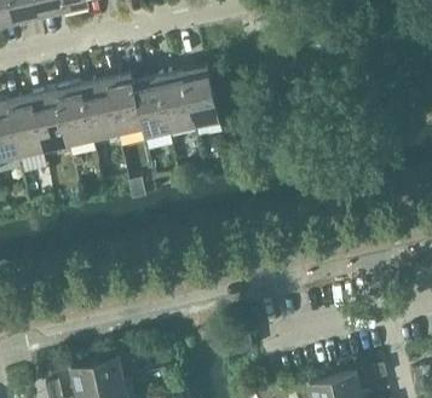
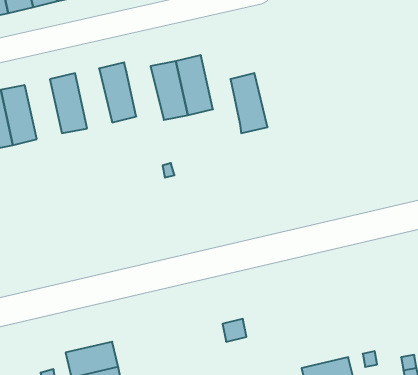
building: [133,77,171,138] -> [230,73,268,133]
building: [81,80,119,140] -> none
building: [30,91,68,151] -> none

